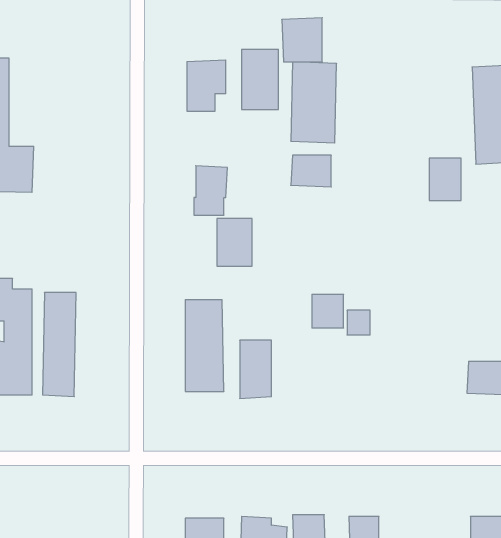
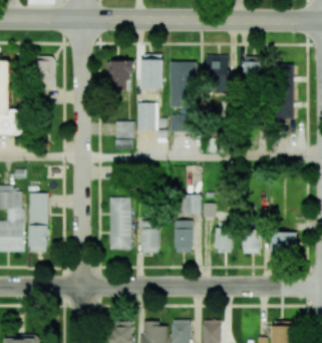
building: [282,18,322,62] -> [205,55,228,80]
building: none -> [32,56,55,89]
building: [429,158,461,200] -> [243,57,261,81]
building: [217,219,252,266] -> [136,103,156,130]
building: none -> [174,221,193,253]
building: none -> [215,223,232,253]
building: none -> [241,231,260,254]

